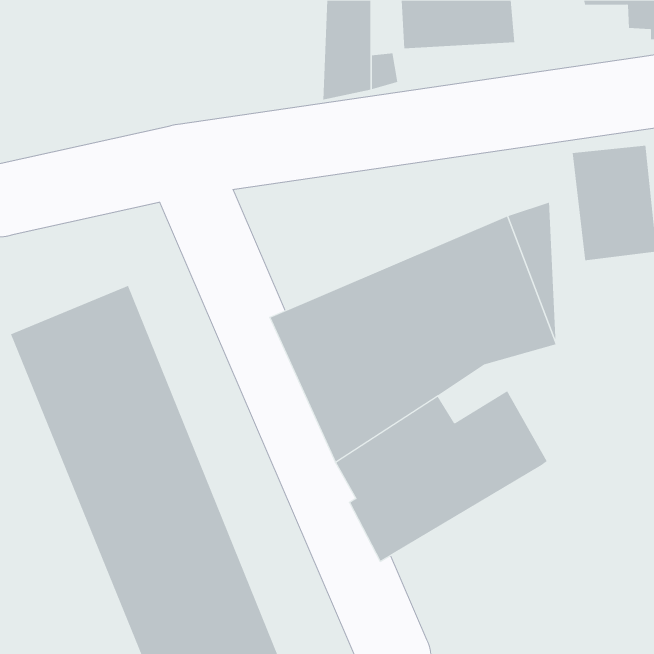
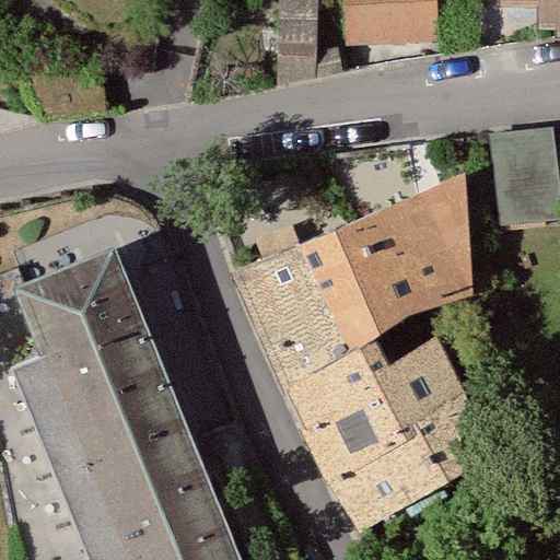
building: none -> [326,398,494,534]

